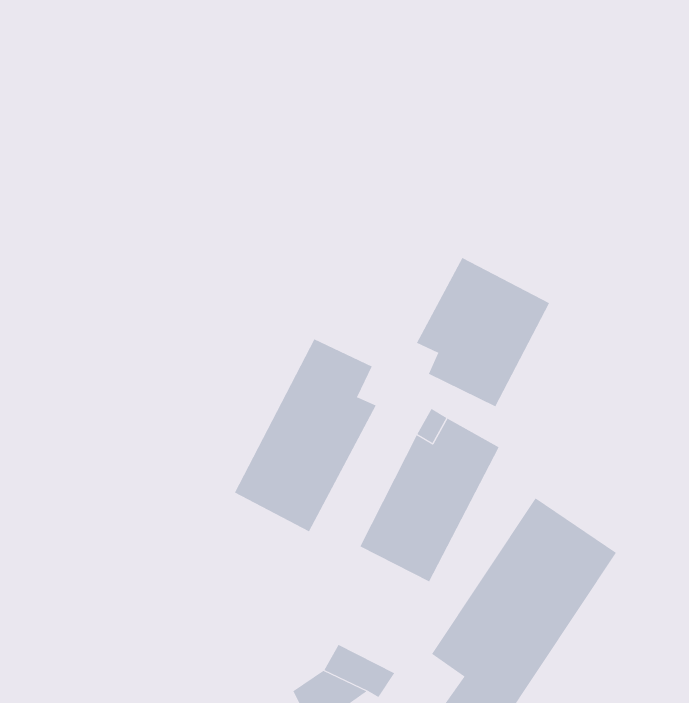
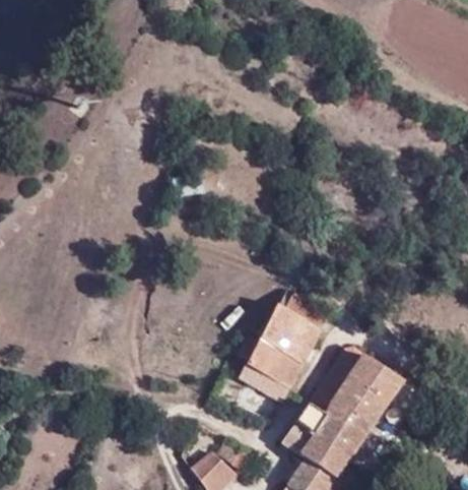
building: [416,257,550,407] -> none
building: [234,339,377,532] -> none

